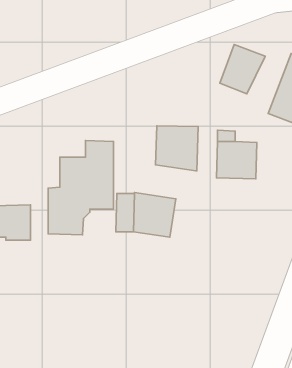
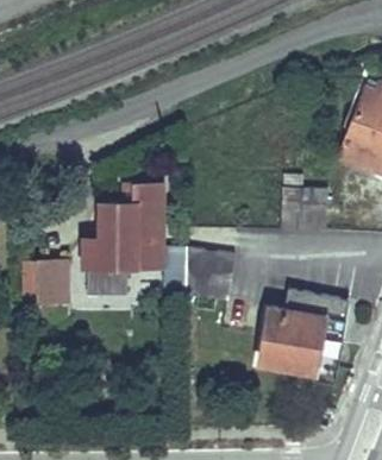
building: [220,44,265,94] -> none
building: [155,126,198,171] -> none
building: none -> [258,290,346,373]

